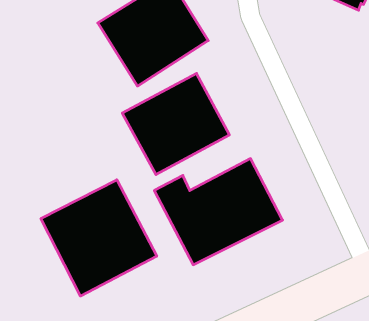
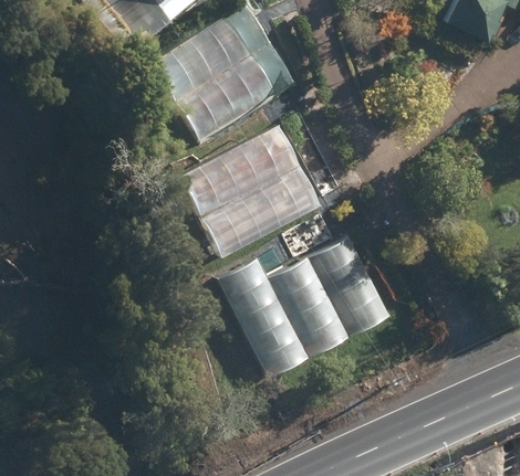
building: [41,180,157,296] -> none

